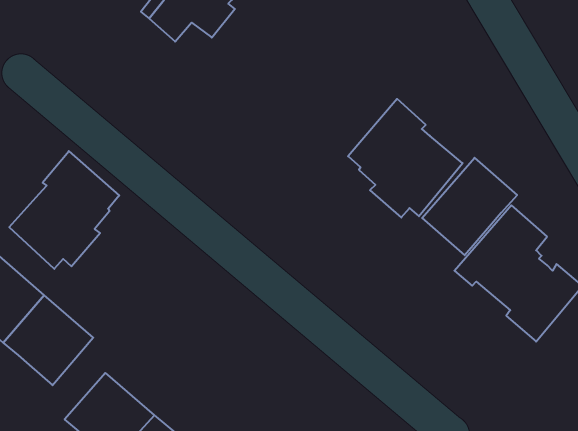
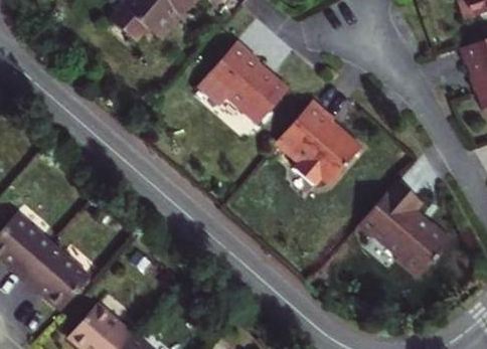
building: none -> [195,42,288,126]
building: [9,151,119,269] -> none
building: [422,158,517,255] -> none

